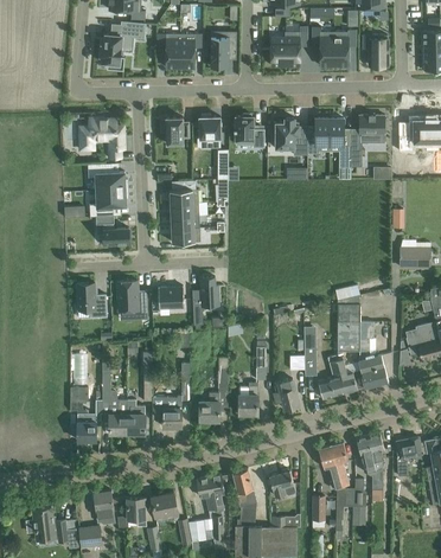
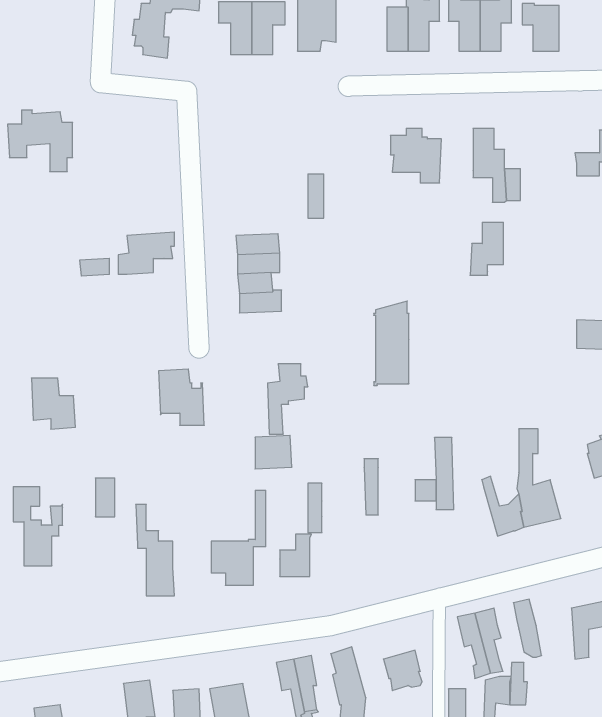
building: [235,114,264,148] -> none
building: [359,114,386,143] -> none
building: [199,115,221,148] -> none
building: [81,117,124,159] -> [8,110,73,172]
building: [161,117,190,145] -> none
building: [307,118,330,154] -> [470,222,503,275]
building: [88,163,128,191] -> none
building: [96,216,130,246] -> none
building: [77,283,107,318] -> [31,378,75,429]
building: [159,286,184,308] -> [255,435,292,469]
building: [337,295,360,352] -> [374,301,409,385]
building: [318,357,346,399] -> none
building: [274,379,300,409] -> none
building: [239,383,258,413] -> none
building: [70,387,103,441] -> [13,487,63,566]
building: [127,399,145,434] -> none
building: [368,432,386,496] -> none

